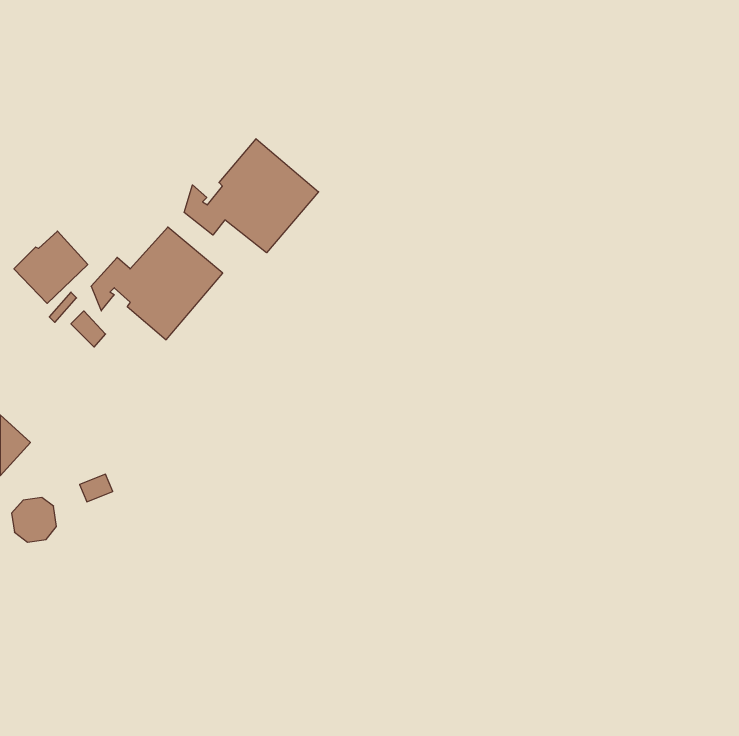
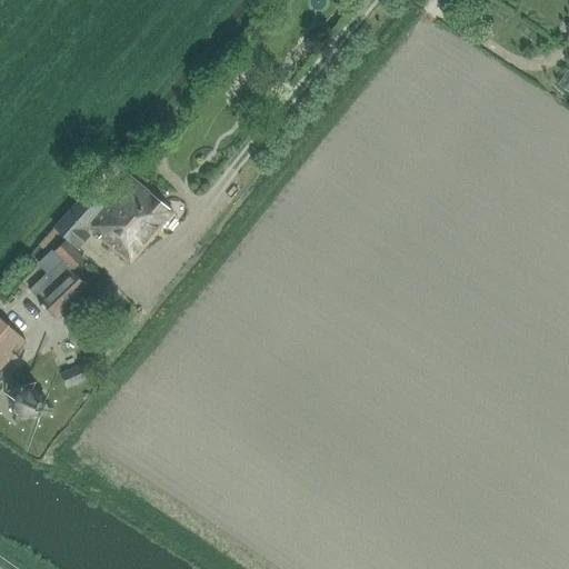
building: [184,139,319,253] -> none
building: [14,231,88,303] -> [29,261,86,317]

